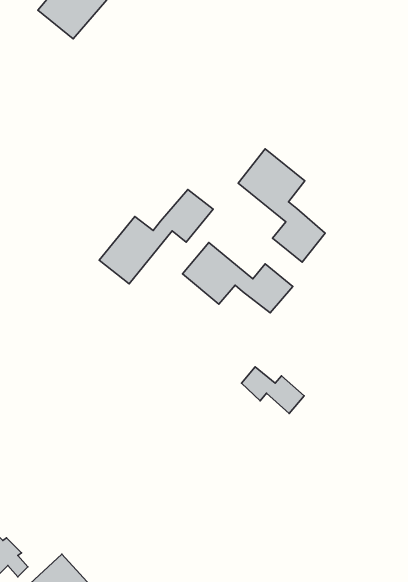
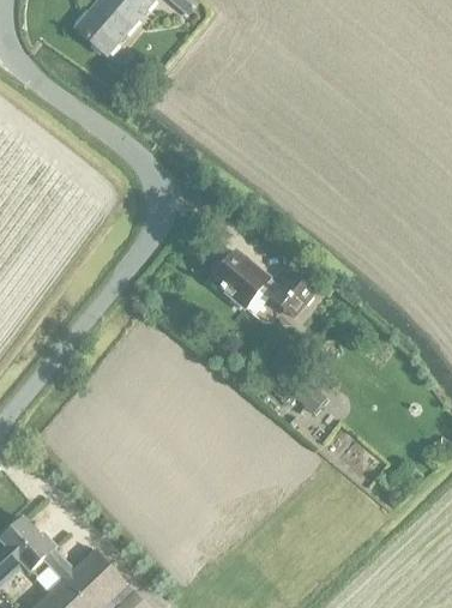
building: [238,149,325,262] -> none
building: [99,189,213,284] -> none

